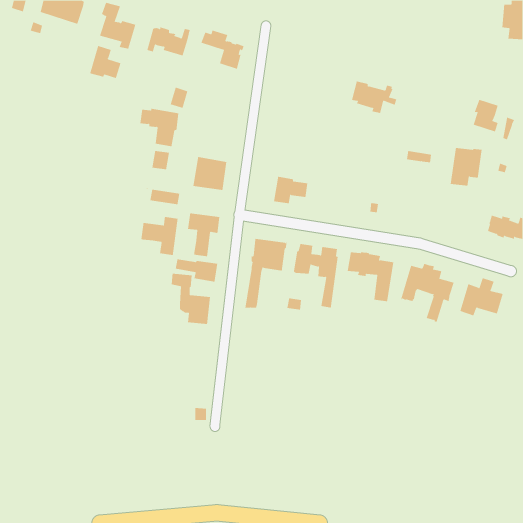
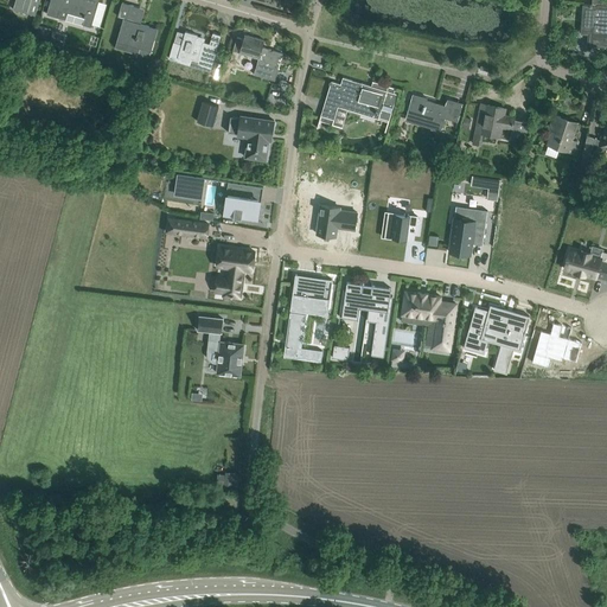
building: [90,45,121,79] -> none
building: none -> [317,77,397,132]
building: none -> [475,103,515,136]
building: [139,108,179,147] -> [228,115,274,160]
building: [450,147,483,186] -> [449,209,487,254]
building: none -> [384,212,418,241]
building: [141,216,178,256] -> none
building: [175,259,218,283] -> none

